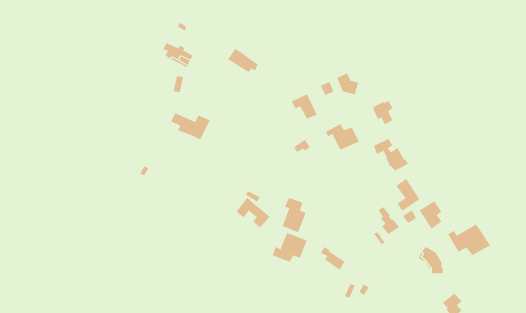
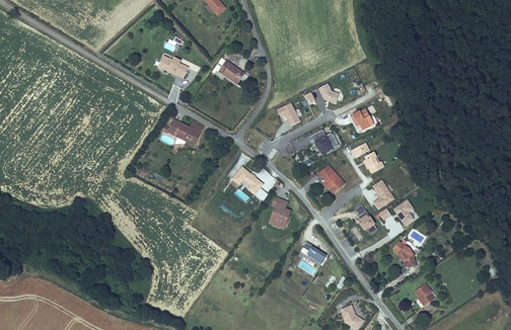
building: none -> [318,164,345,194]
building: [236,197,270,228] -> [232,166,264,194]
building: [447,223,491,256] -> none
building: [272,232,307,263] -> none

